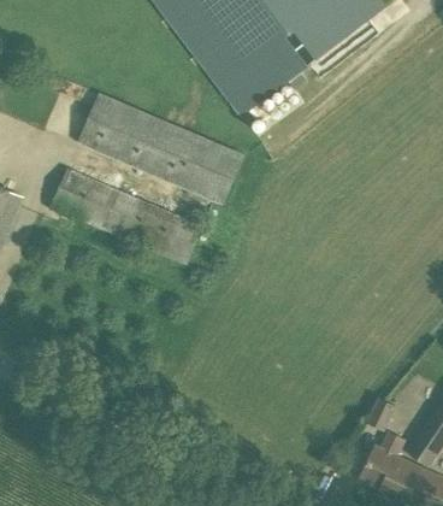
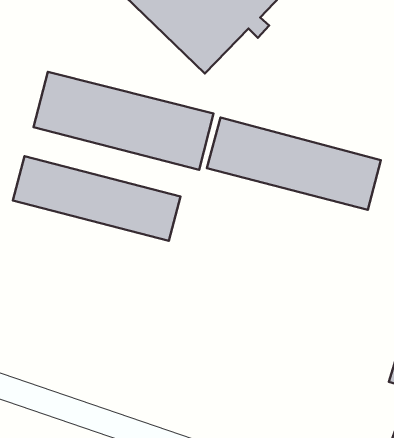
building: none -> [207,118,381,210]

